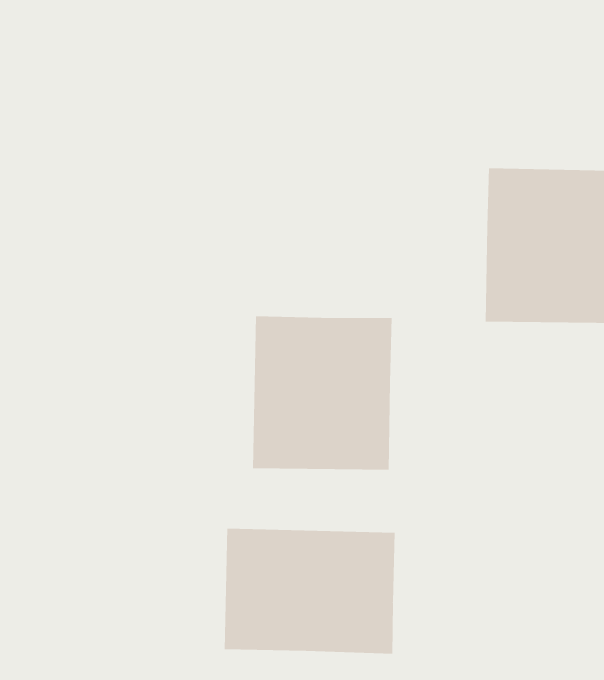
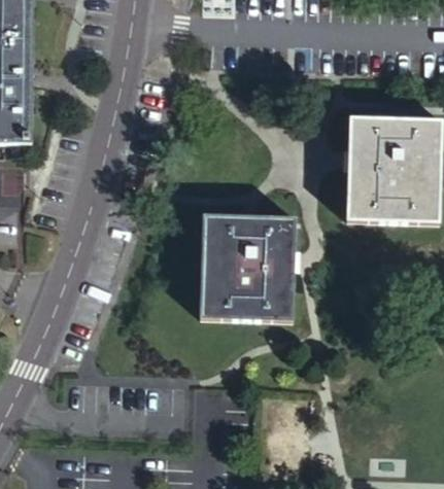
building: [224,528,395,654] -> none

